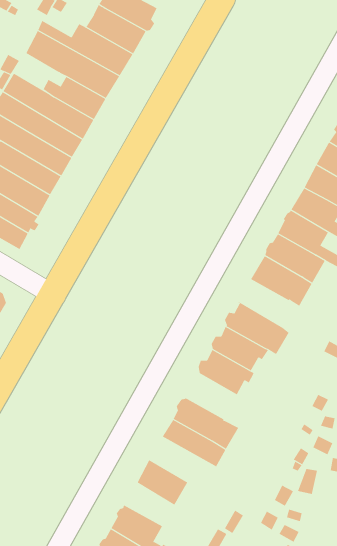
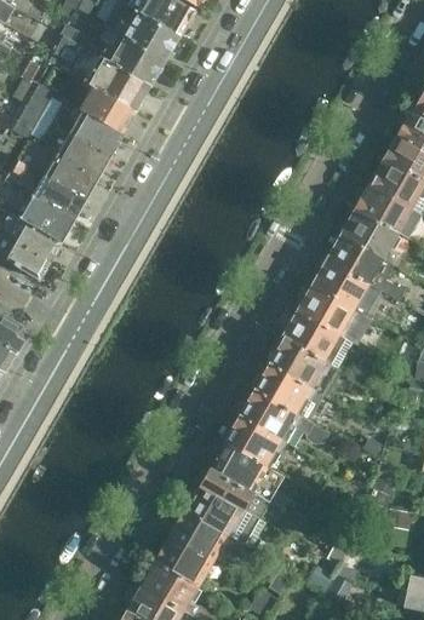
building: none -> [283,311,348,364]
building: none -> [223,415,287,466]
building: none -> [184,486,259,545]
building: none -> [156,536,213,585]

